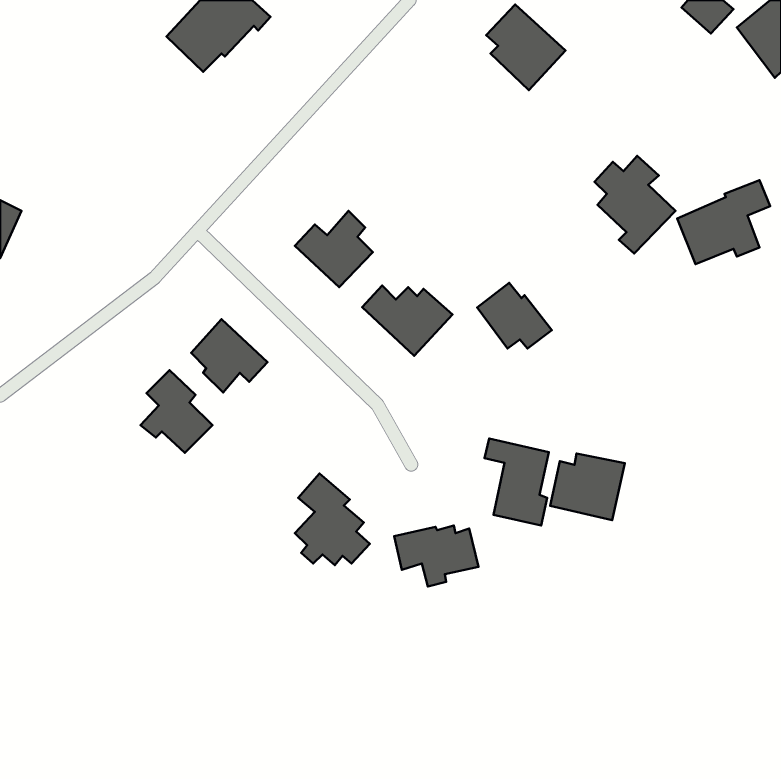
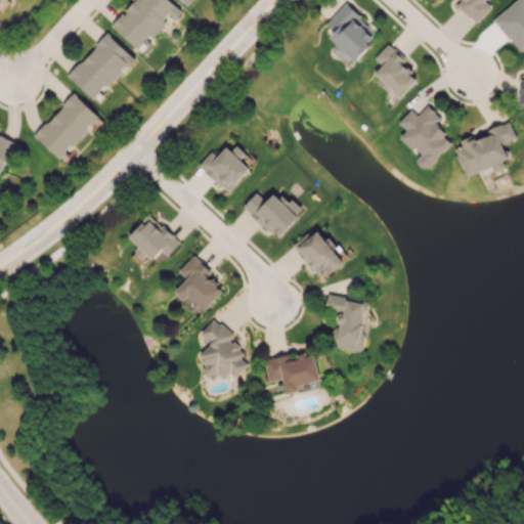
building: none -> [68,34,134,100]
building: none -> [373,44,418,98]
building: none -> [34,94,99,160]
building: [477,283,552,349] -> [295,230,345,274]
building: [141,370,212,453] -> [174,256,222,311]
building: [550,453,625,520] -> none

